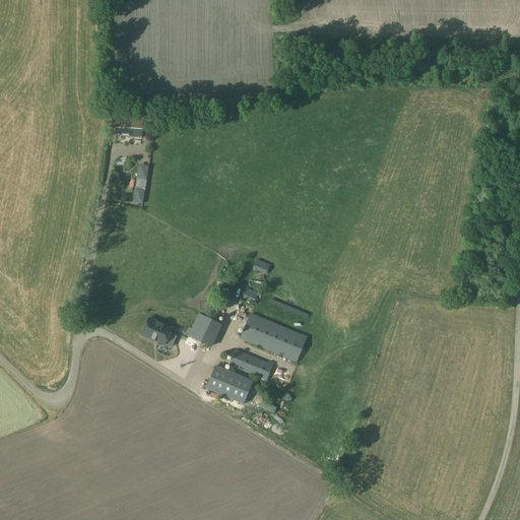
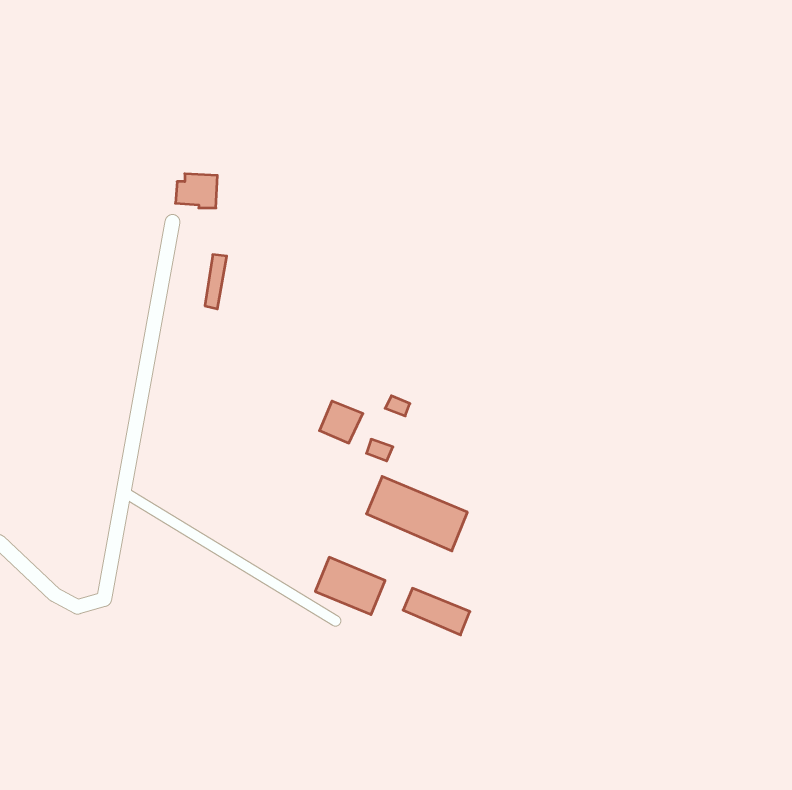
building: [141,316,175,345] -> none
building: [190,317,218,344] -> [319,401,363,443]
building: [229,348,272,379] -> [403,588,470,635]

